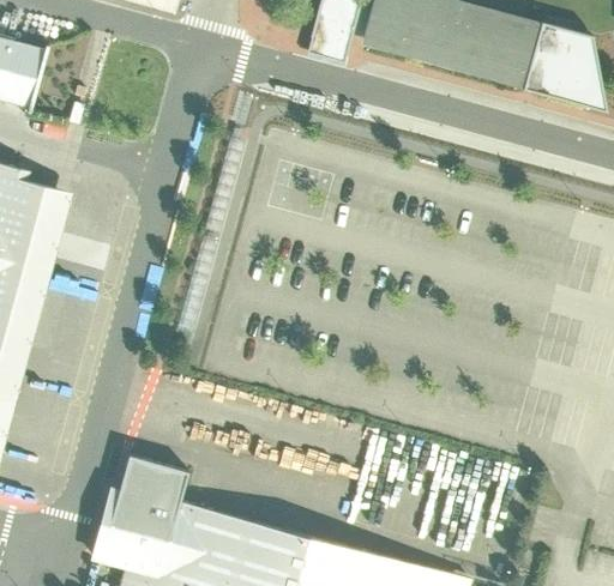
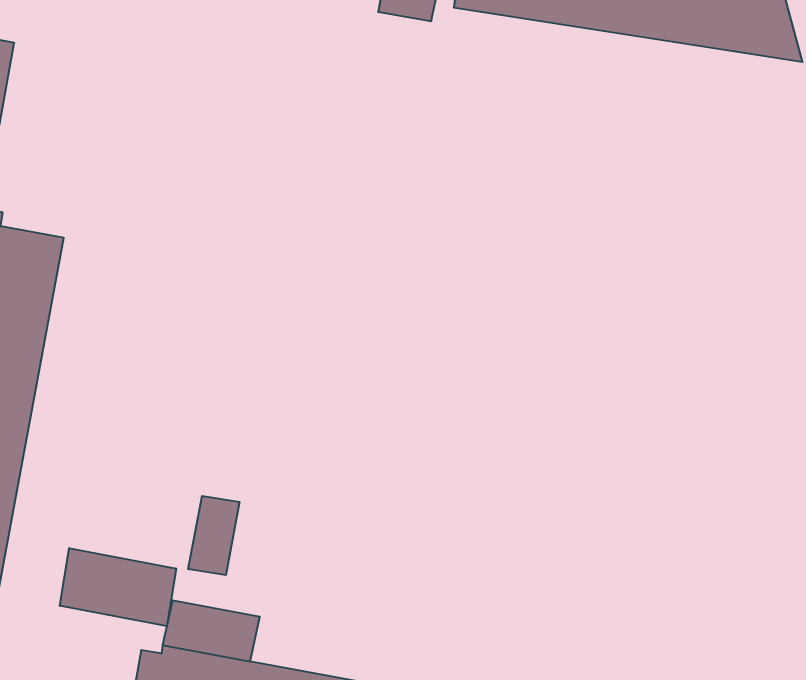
building: none -> [188,496,240,575]
building: none -> [60,548,176,626]

